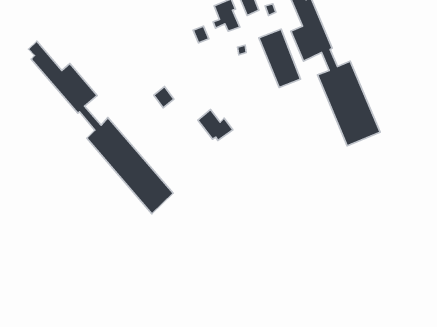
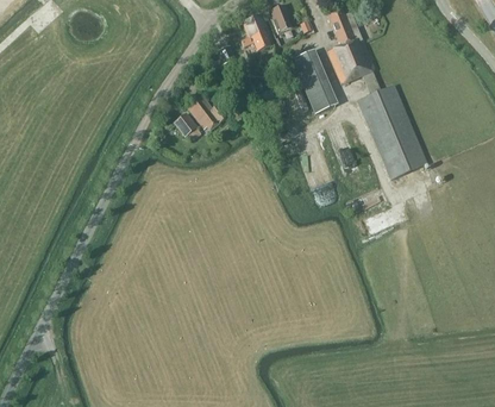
building: [29,41,173,214] -> none
building: [198,110,233,140] -> [187,95,226,130]

